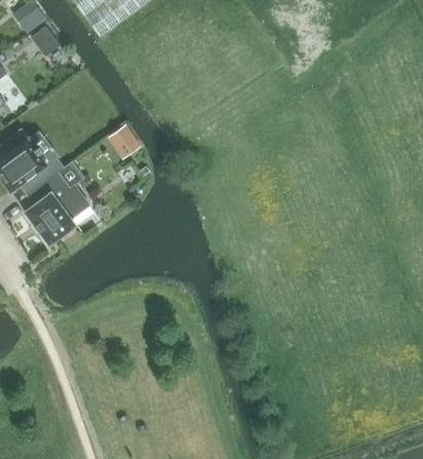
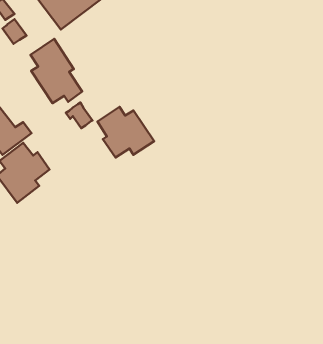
building: none -> [30,39,82,103]
building: none -> [97,107,154,158]

